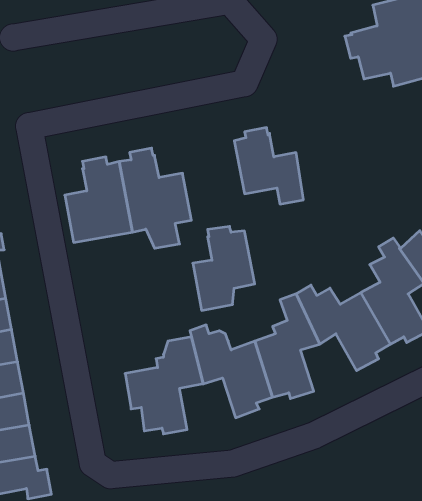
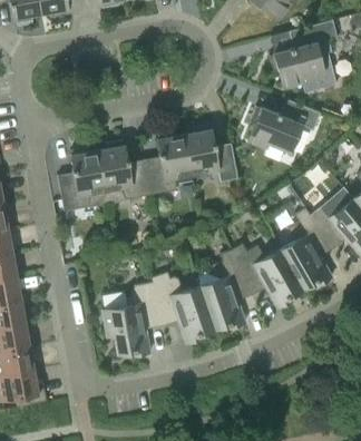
building: none -> [247,99,320,153]
building: [193,226,255,310] -> [146,130,193,194]

